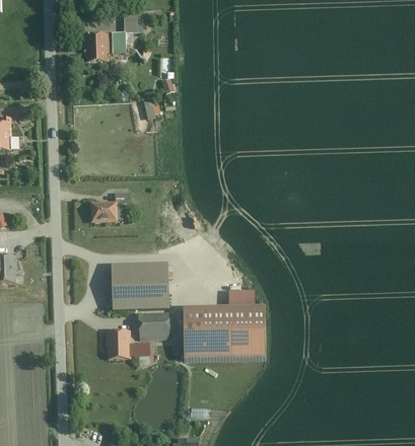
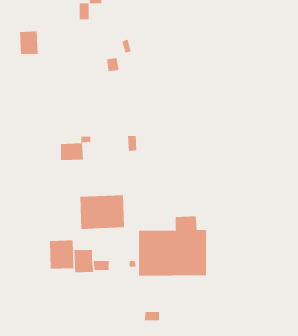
building: [85,32,109,61] -> [19,31,38,54]
building: [138,303,168,339] -> [49,240,74,269]

